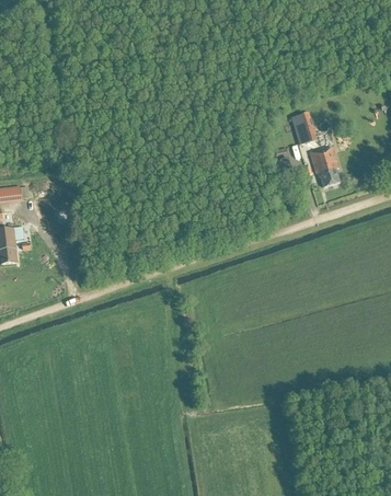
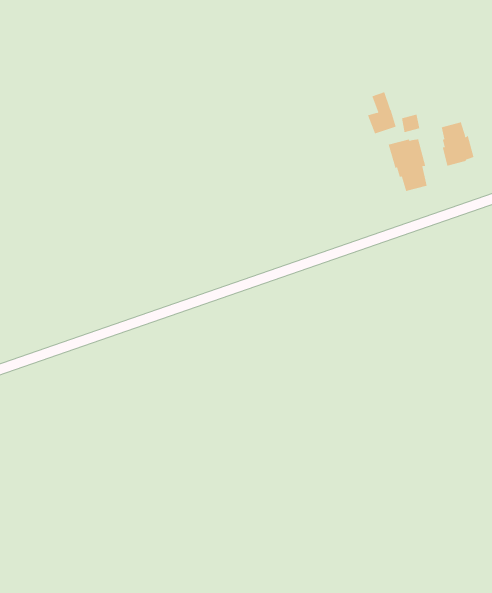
building: none -> [441,122,474,167]

